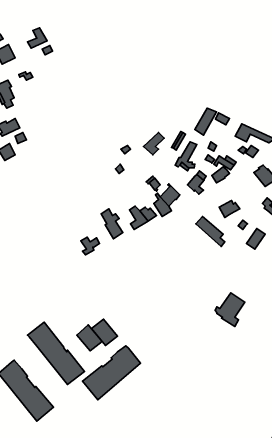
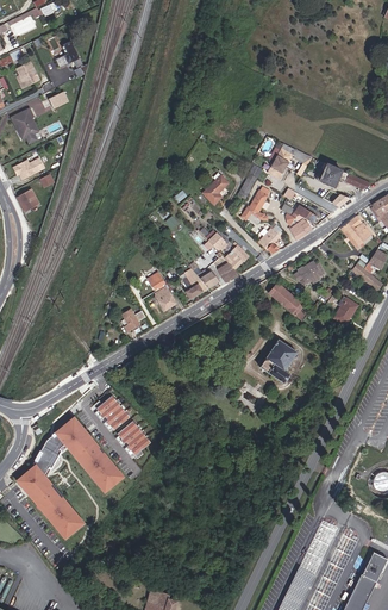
building: [215,293,245,326] -> [258,340,296,382]
building: [91,319,118,345] -> [95,396,129,429]
building: none -> [35,436,67,477]
building: [82,346,140,400] -> none

